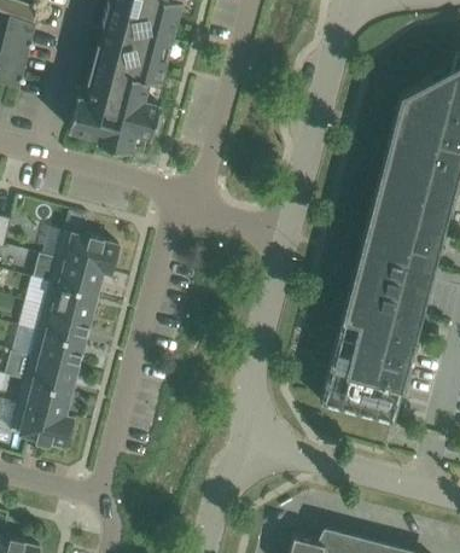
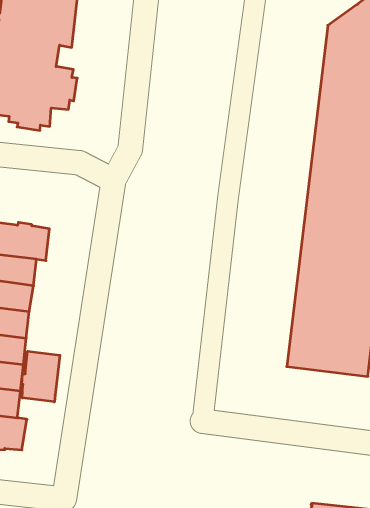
building: none -> [22,351,60,402]

